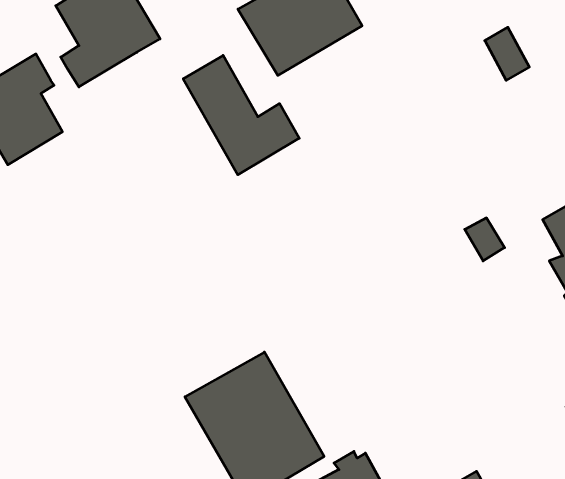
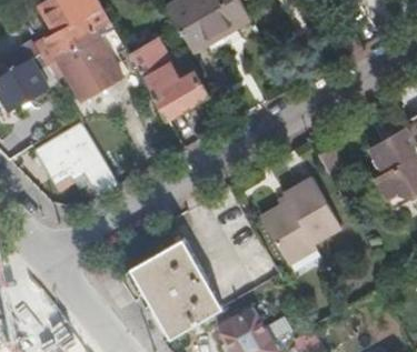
building: none -> [58,37,120,100]
building: none -> [33,122,118,198]
building: none -> [260,178,340,263]

